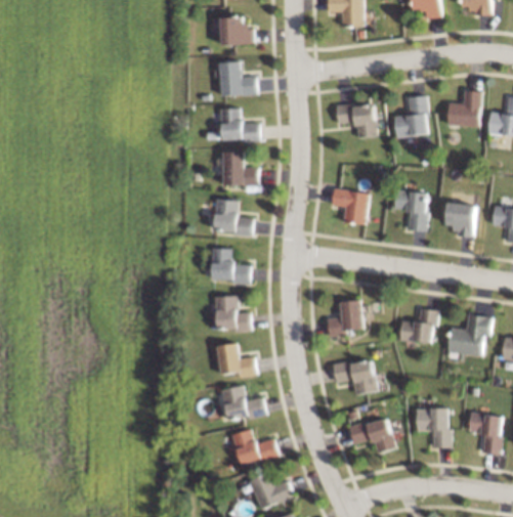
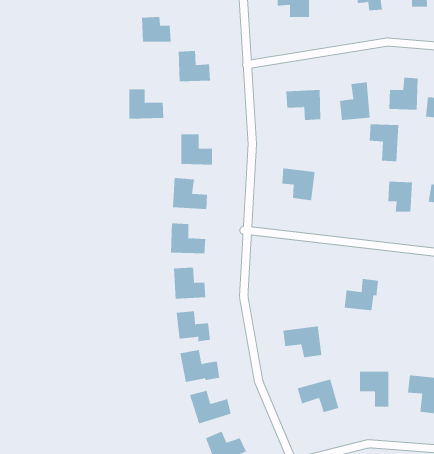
building: [220,16,253,44] -> [141,17,171,42]
building: [220,109,259,141] -> [128,89,164,119]
building: [394,190,427,231] -> [369,124,399,162]
building: [328,300,361,336] -> none
building: [447,314,490,355] -> none

